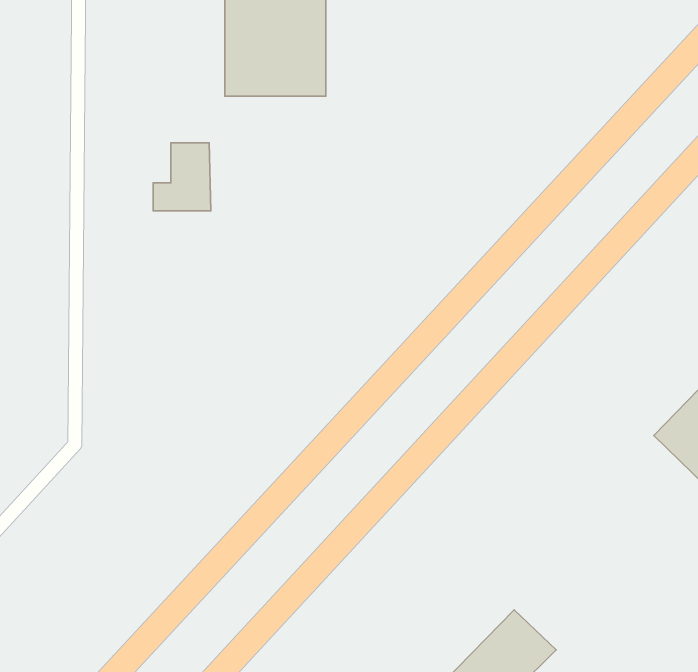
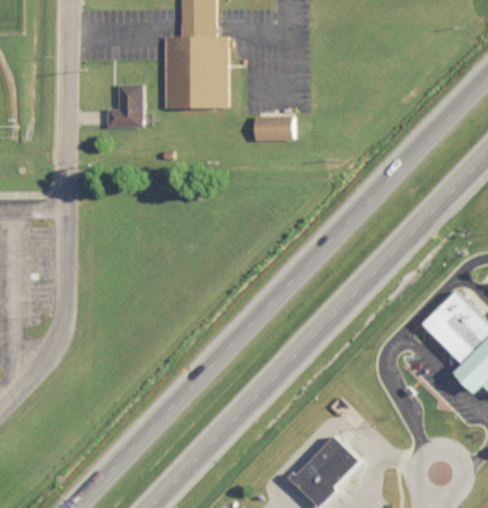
building: none -> [250,114,289,139]
building: [153,143,211,211] -> [102,83,138,125]

